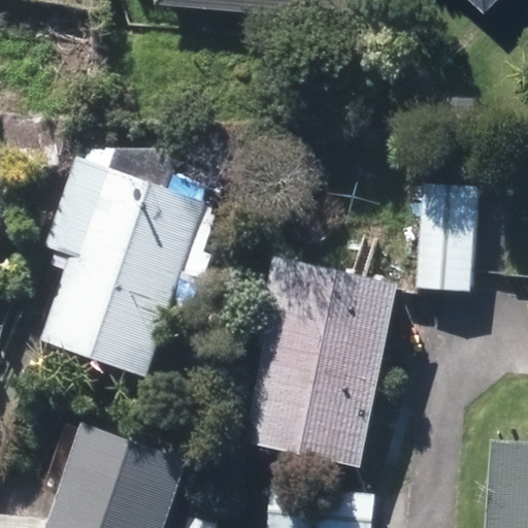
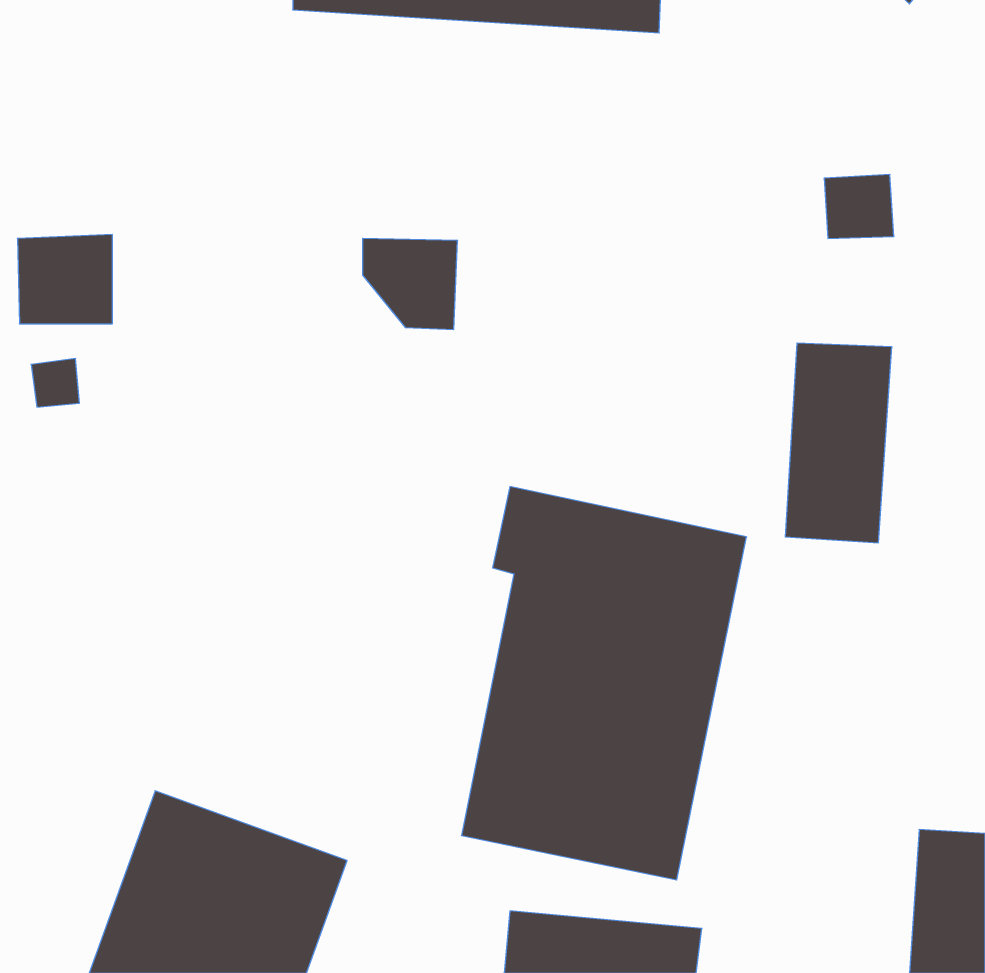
building: [40,166,205,377] -> none

